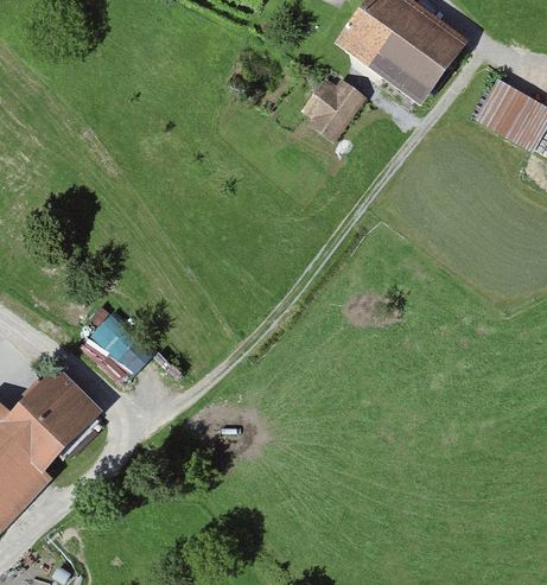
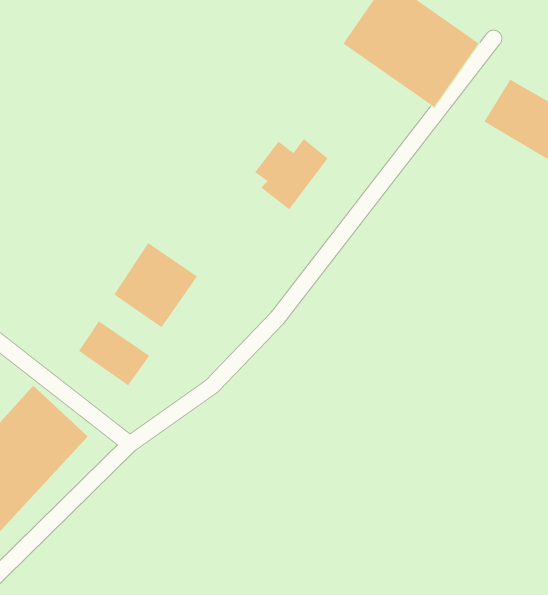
building: [297,77,367,145] -> [254,138,329,210]
building: none -> [113,242,198,328]

